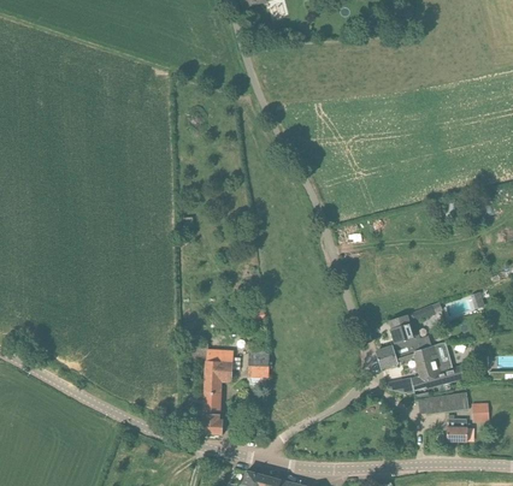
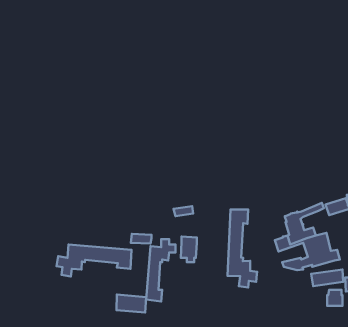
building: none -> [228,209,257,287]
building: none -> [56,245,132,276]
building: none -> [116,295,146,313]

